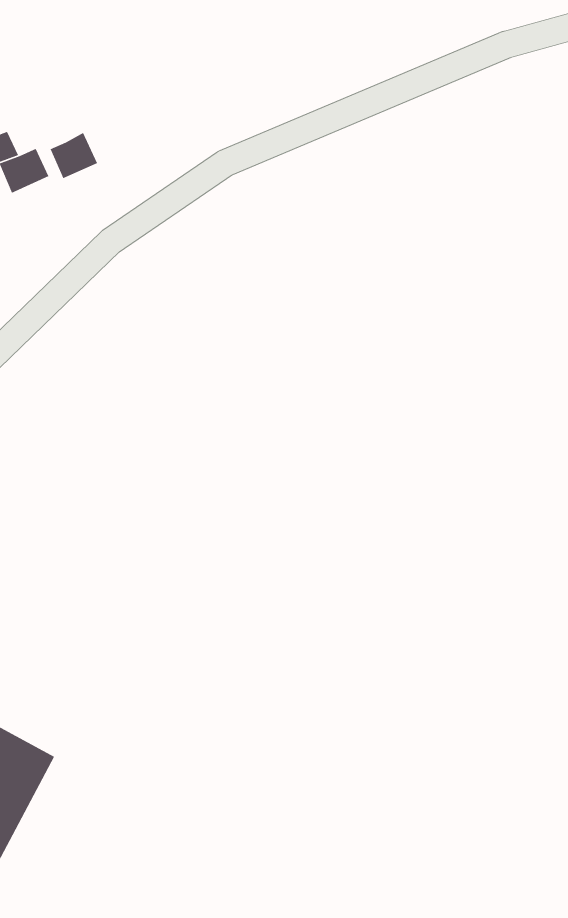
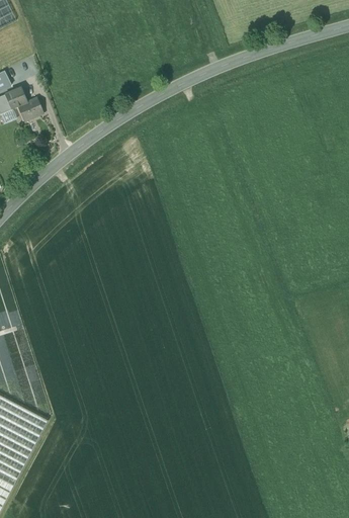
building: [50,132,98,179] -> none

